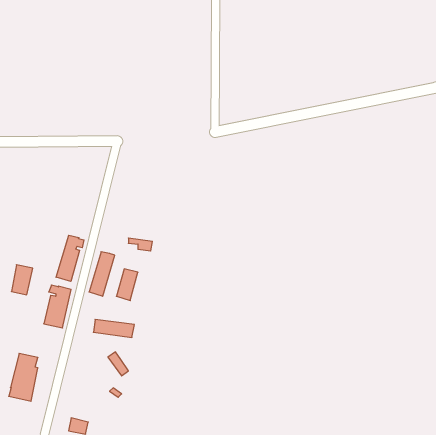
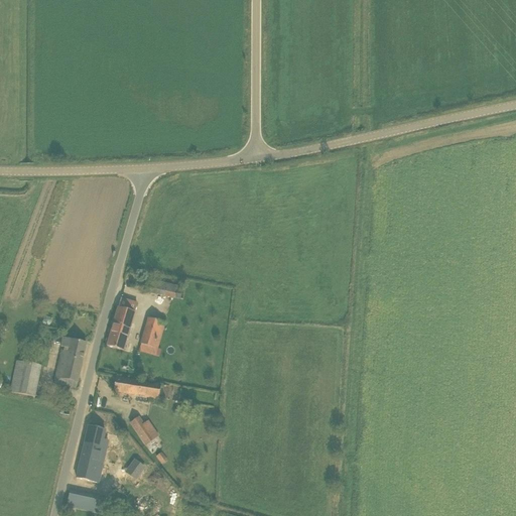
building: [56,235,84,281] -> none
building: [11,265,33,295] -> [14,360,39,395]
building: [9,353,38,401] -> [75,425,109,482]

